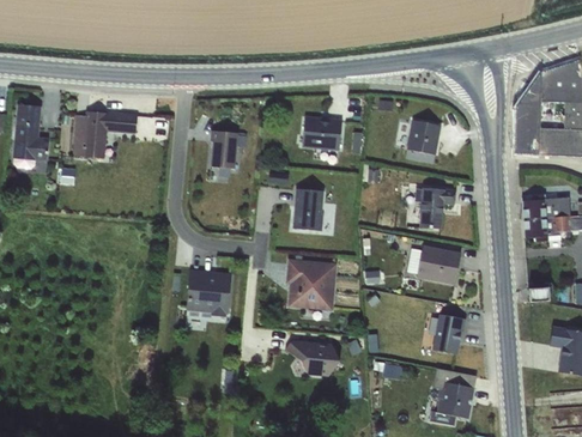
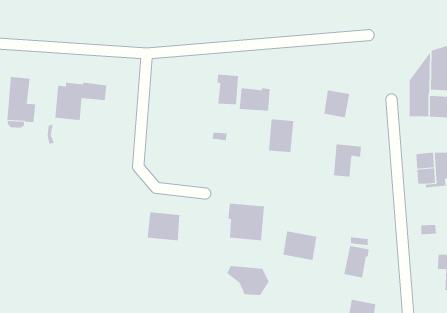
building: [210,129,237,168] -> [217,74,239,105]
building: [292,188,325,230] -> [268,119,294,153]
building: [417,245,460,283] -> [283,231,317,261]

